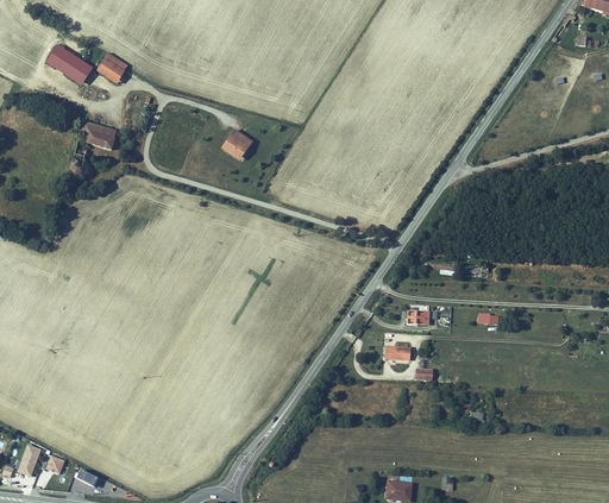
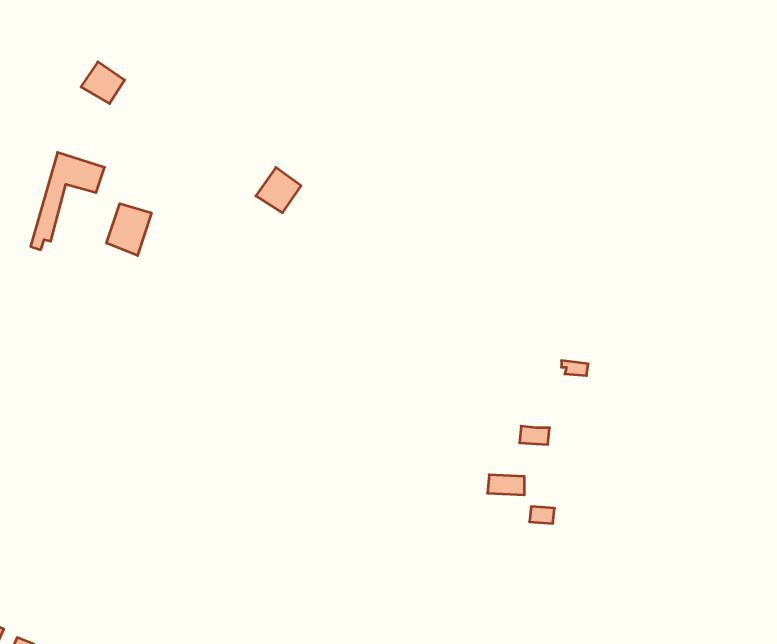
building: [45,44,93,84] -> none
building: none -> [107,204,151,256]

